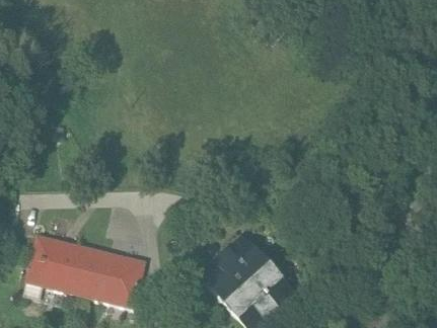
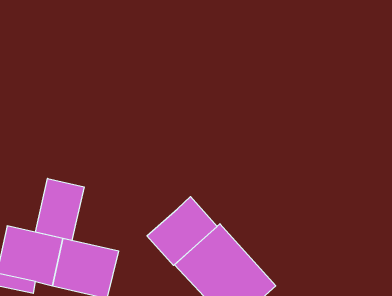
building: none -> [35,178,84,241]
building: none -> [147,197,217,265]

